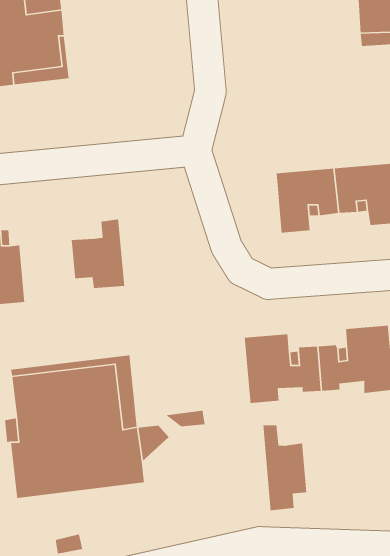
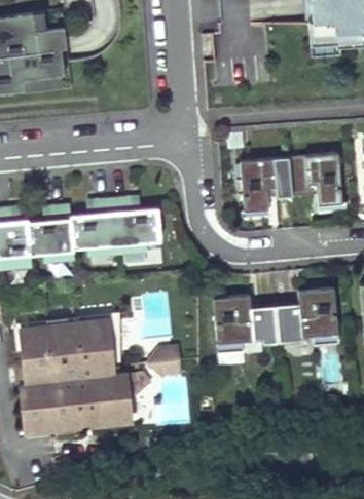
building: none -> [110,198,160,256]
building: none -> [28,205,74,264]
building: [263,425,307,511] -> none

